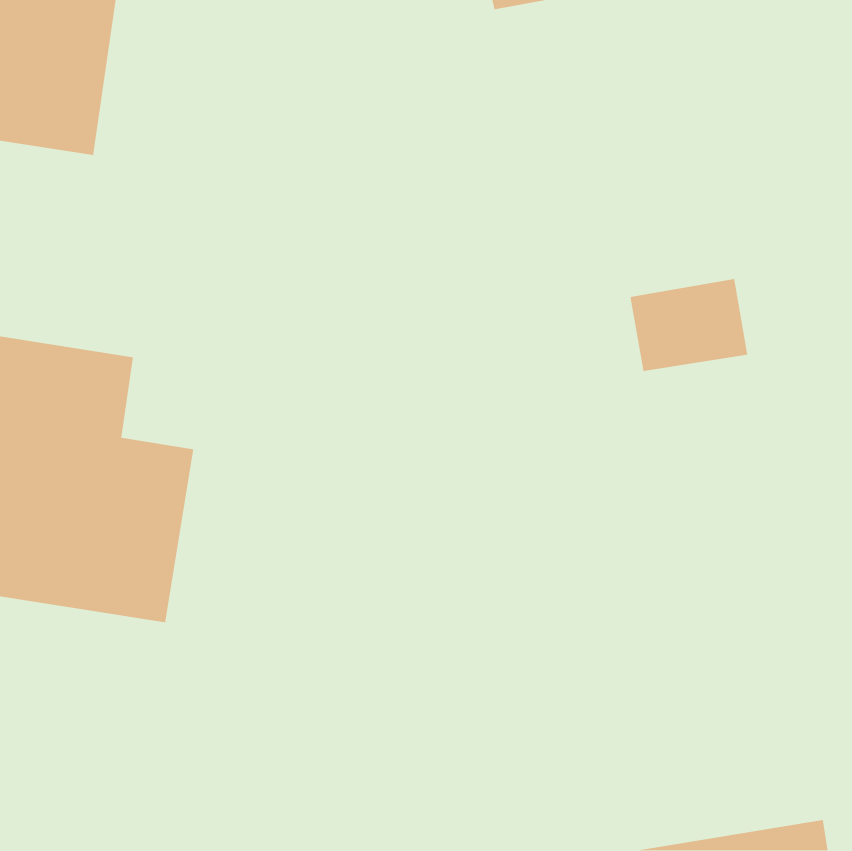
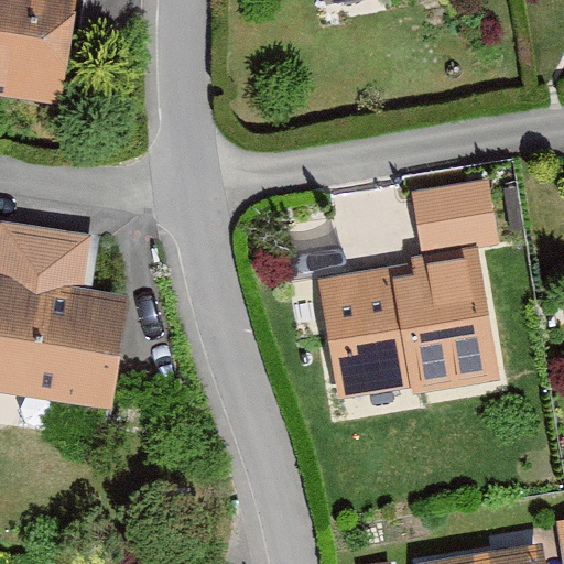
building: none -> [319,254,495,393]

